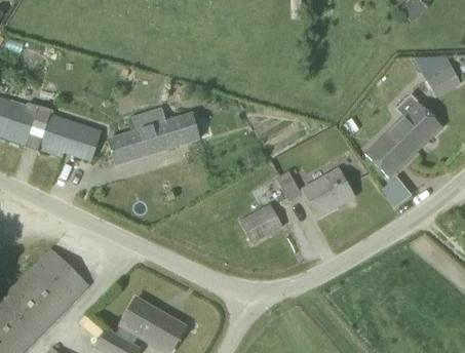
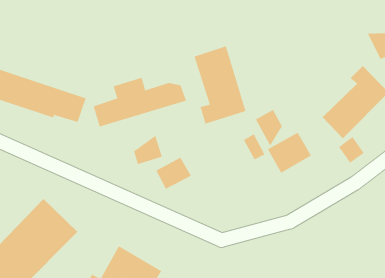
building: none -> [194,46,246,124]
building: none -> [255,109,282,146]
building: none -> [134,135,162,165]
building: [240,205,281,242] -> [155,157,192,190]

